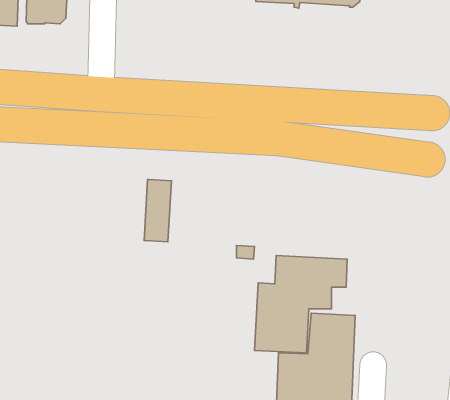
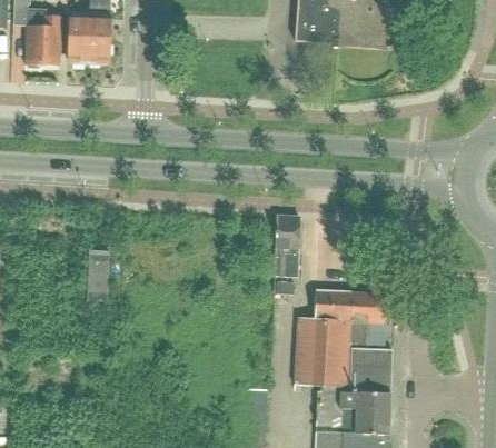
building: [144,180,171,242] -> [272,215,299,276]
building: none -> [87,250,109,300]

